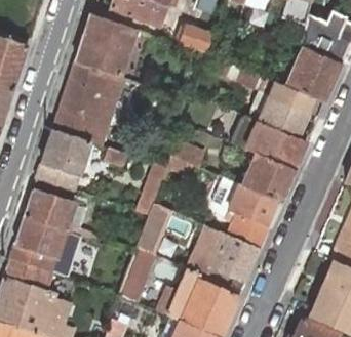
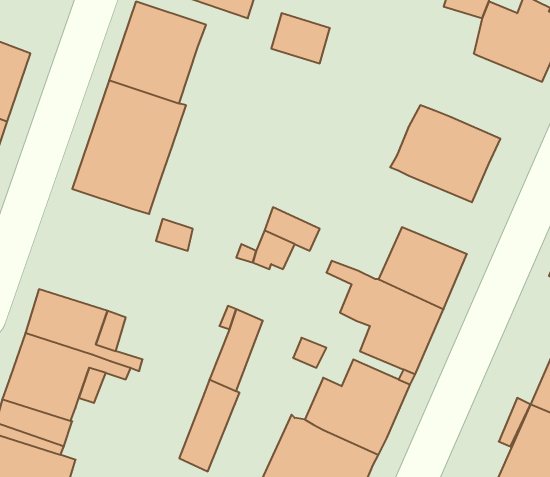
building: [284,47,341,103] -> none
building: [246,121,307,169] -> none
building: [36,129,89,191] -> none

